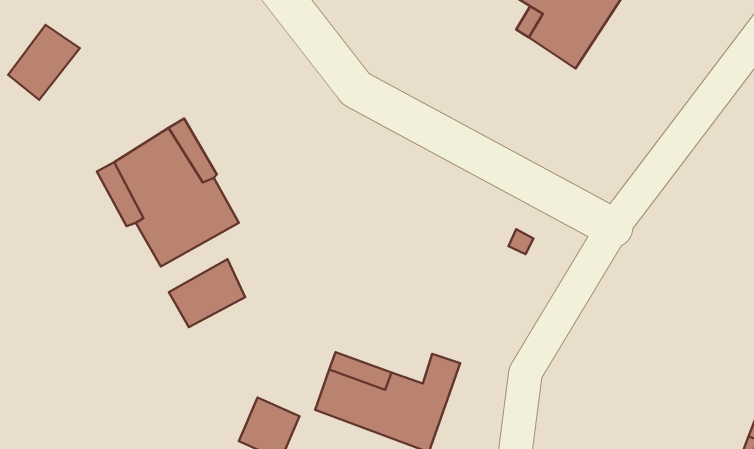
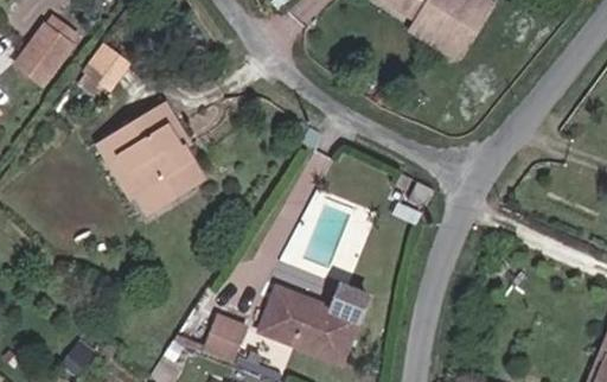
building: none -> [79,50,129,101]
building: [169,259,245,327] -> none

